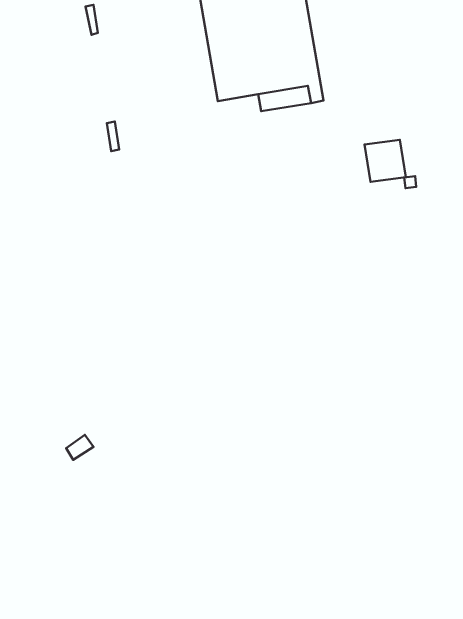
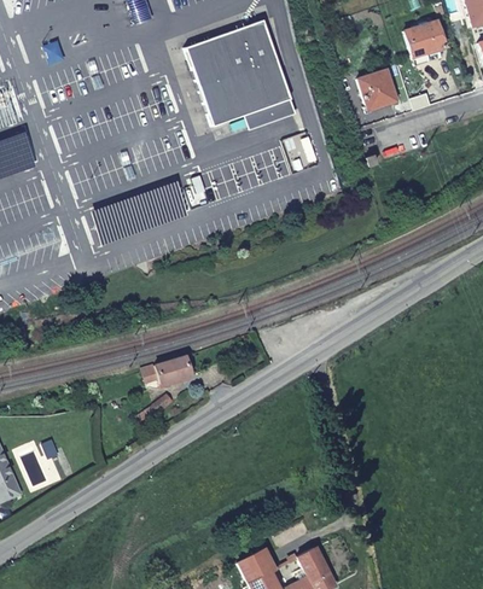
building: [364,140,406,182] -> [361,74,398,111]
building: none -> [145,355,192,385]

